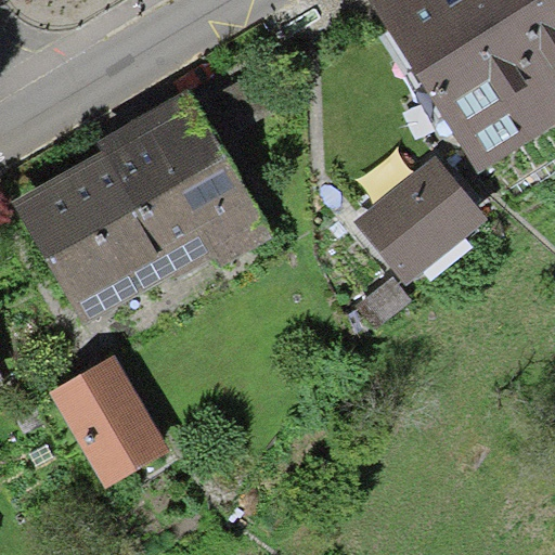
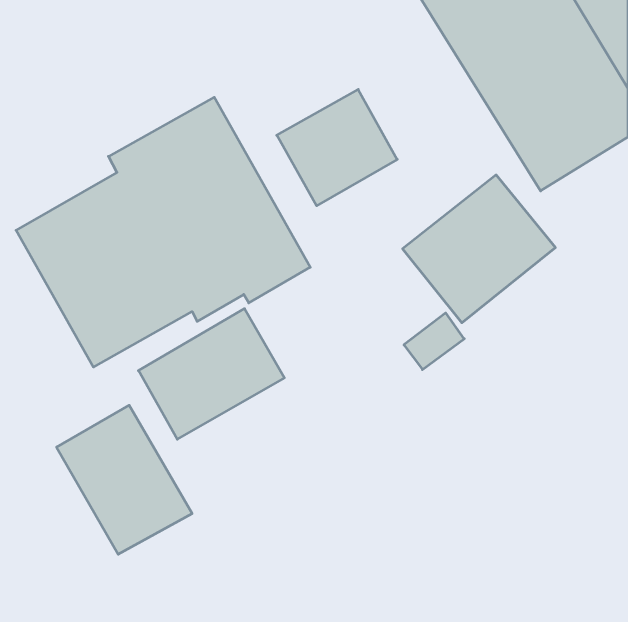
building: none -> [277,89,397,206]
building: none -> [138,309,284,439]

